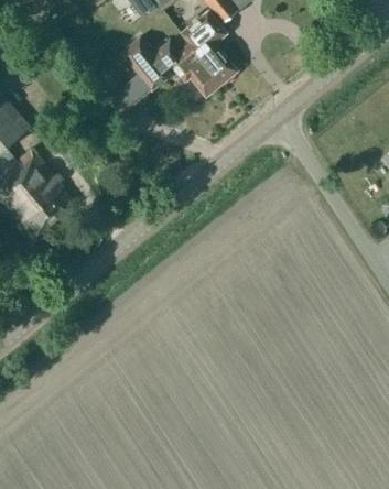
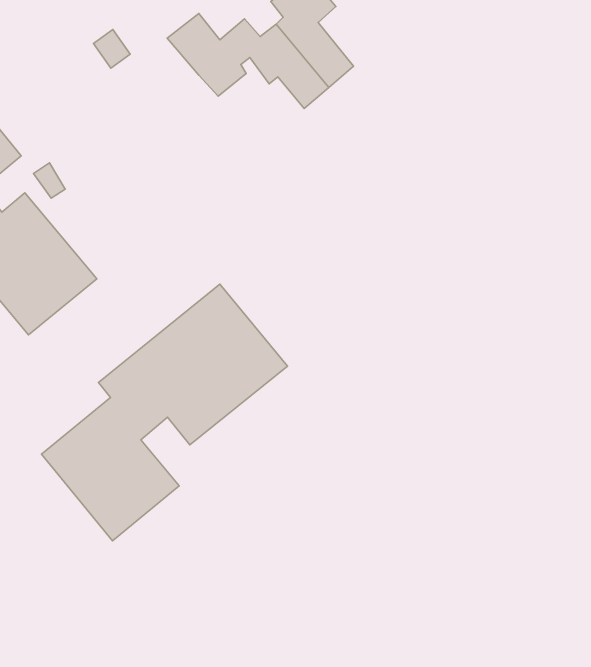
building: none -> [41,284,287,541]

